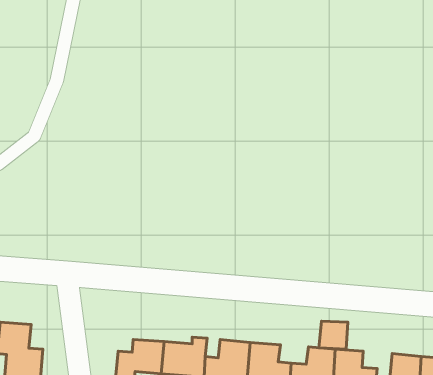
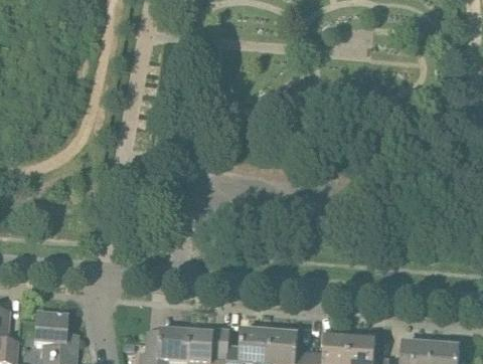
building: [319,321,348,349] -> none

